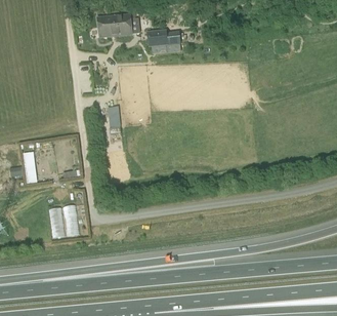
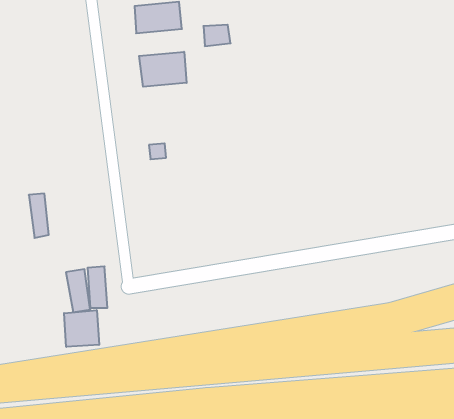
building: none -> [139,52,187,87]
building: none -> [64,310,99,347]

